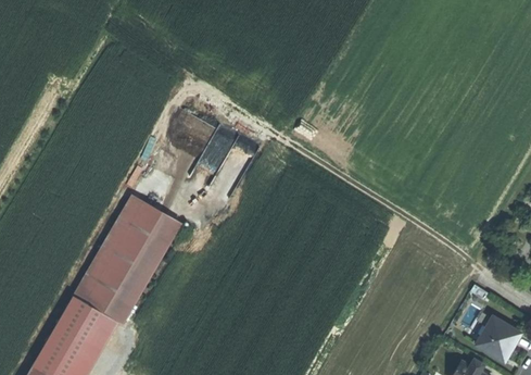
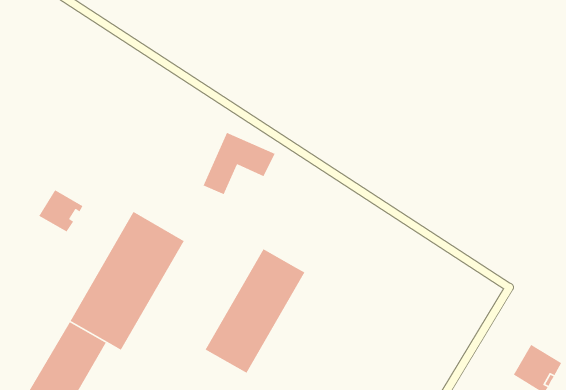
building: none -> [38,189,83,233]
building: none -> [204,248,305,374]

